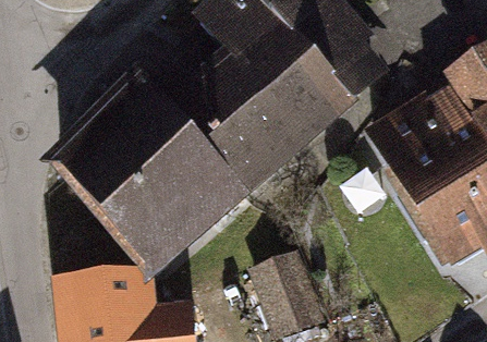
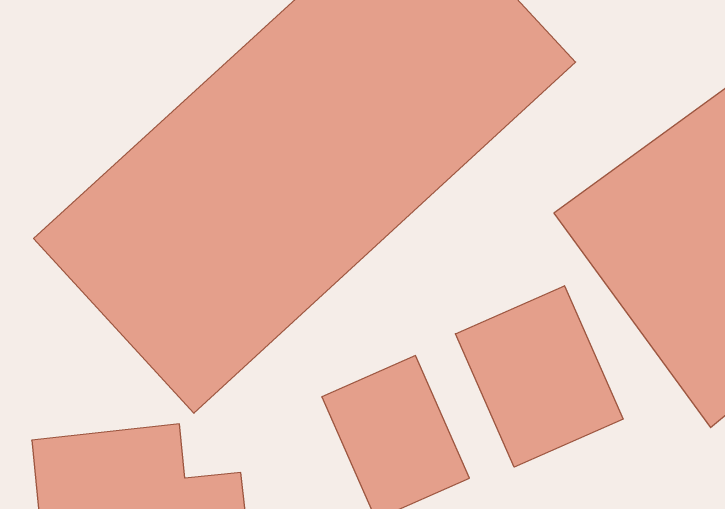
building: none -> [455,286,623,467]

